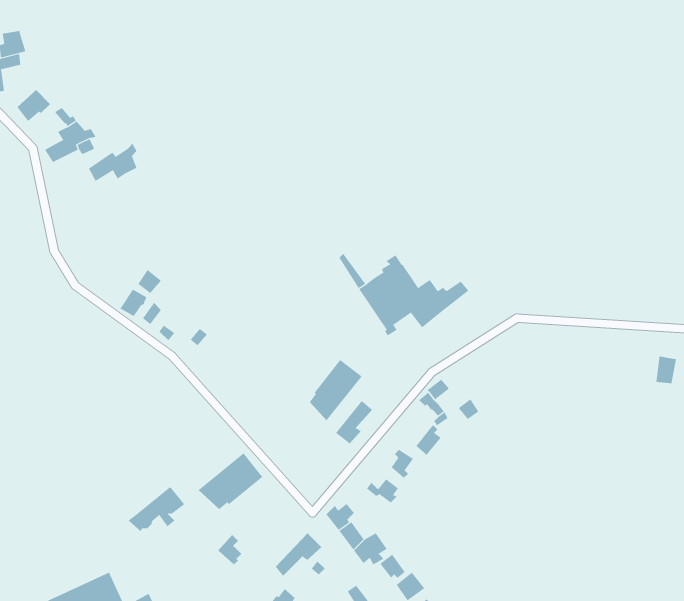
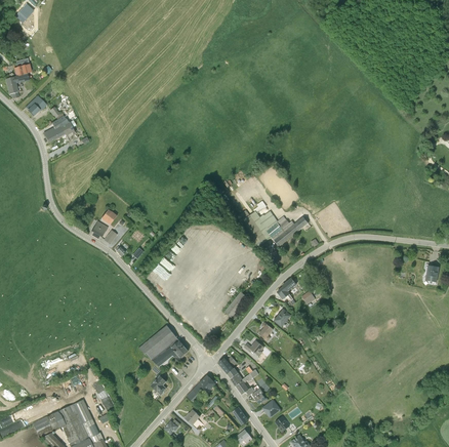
building: [88,143,137,182] -> none
building: [309,359,362,421] -> none
building: [128,486,185,532] -> [153,339,189,368]

